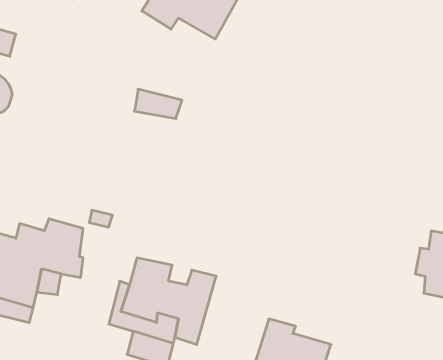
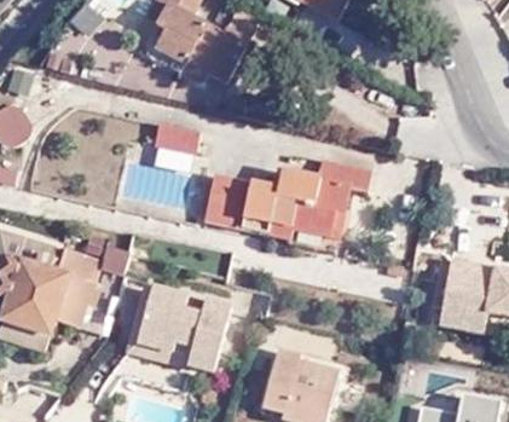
building: none -> [198,158,369,237]

